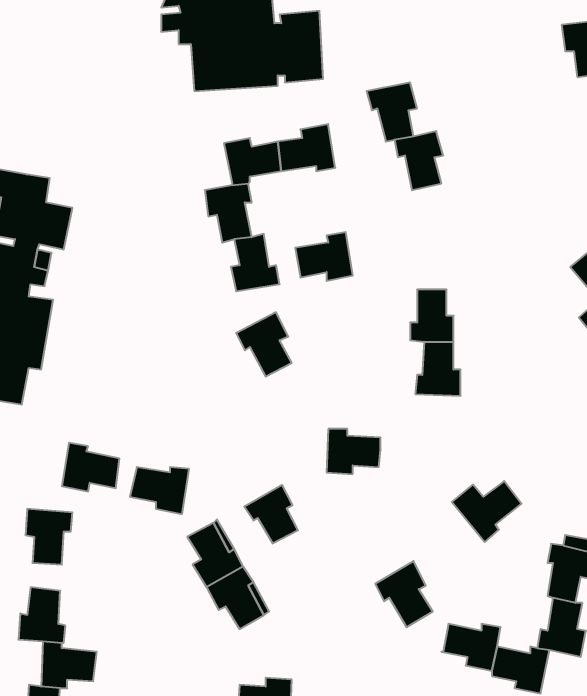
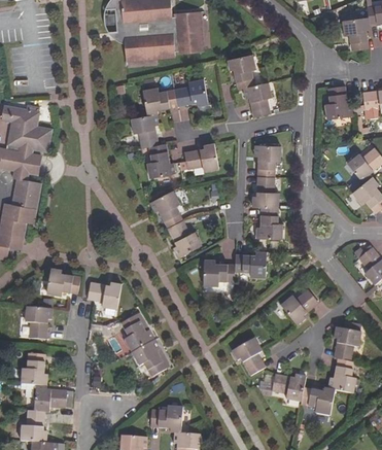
building: none -> [324,85,352,118]
building: none -> [253,144,280,176]
building: none -> [167,219,201,256]
building: none -> [235,251,267,277]
building: [244,485,298,544] -> none

